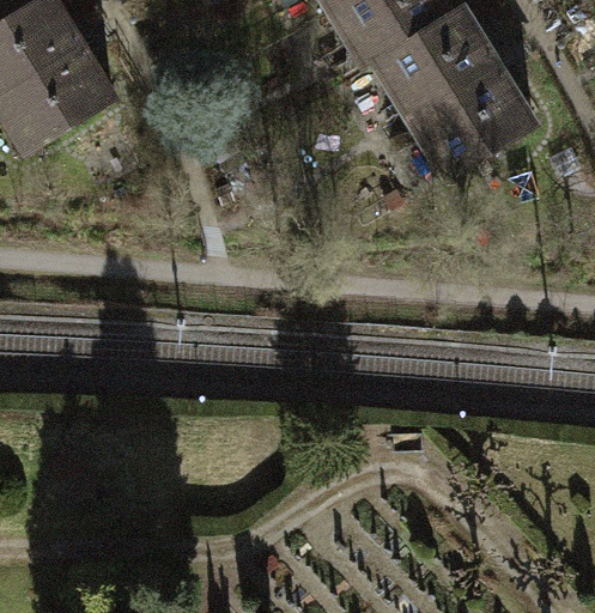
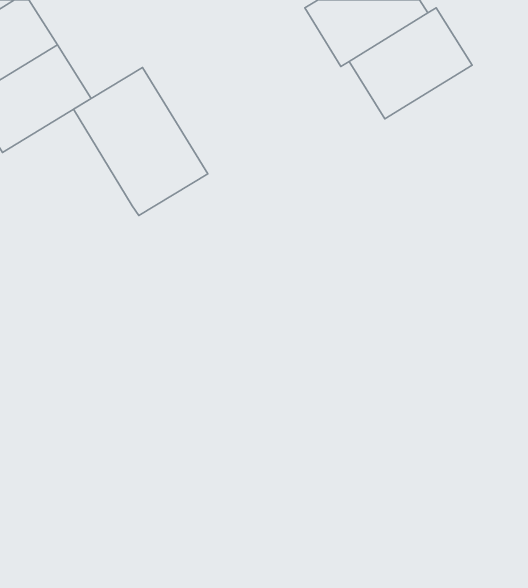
building: [409,66,534,180] -> none
building: none -> [74,68,208,215]

